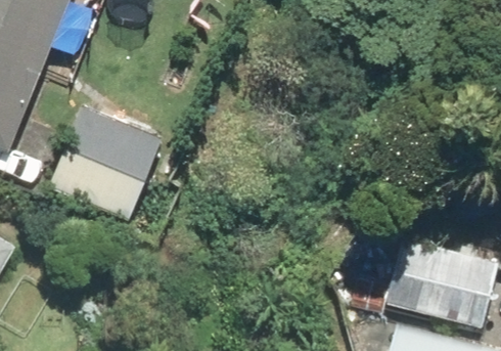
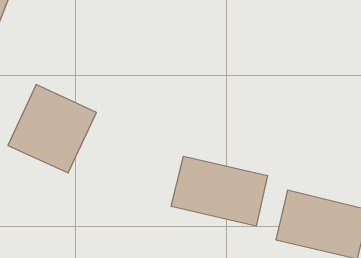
building: none -> [171,156,267,226]

